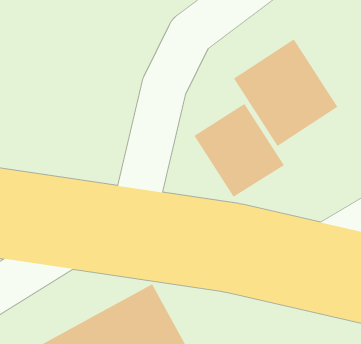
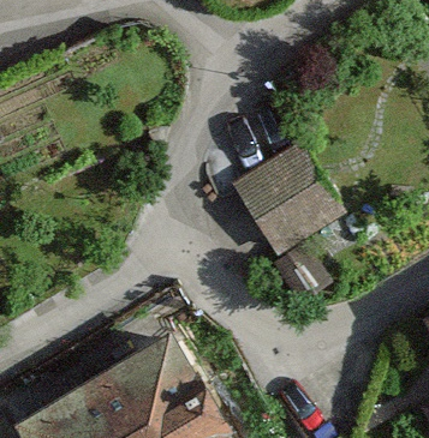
building: [233,39,338,147] -> none

